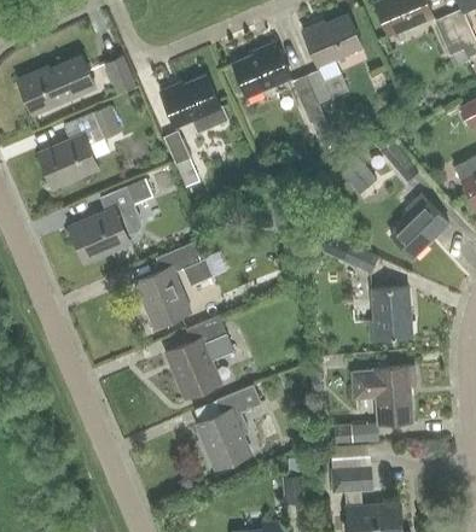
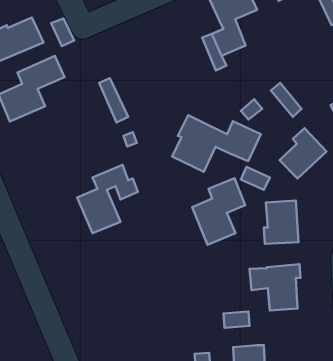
building: [232,43,291,98] -> none
building: [161,77,228,133] -> none
building: none -> [172,115,261,172]
building: [69,180,152,263] -> none
building: [167,316,233,399] -> [192,178,245,245]
building: [197,385,262,469] -> none

